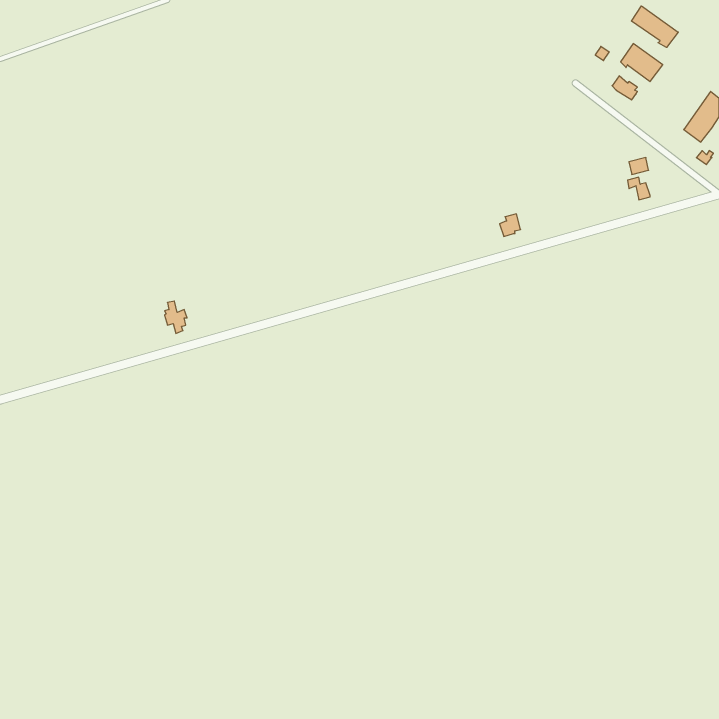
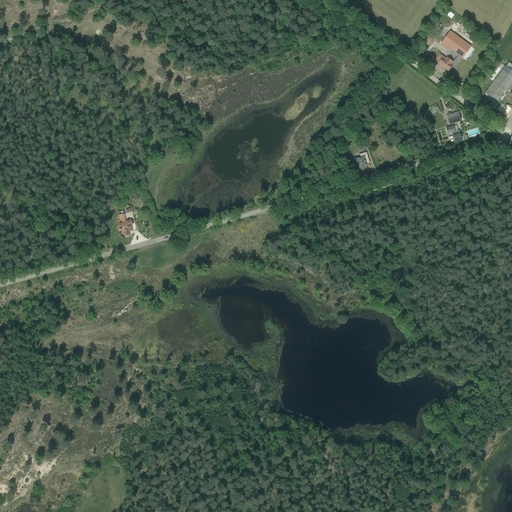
building: [631,6,678,47] -> none

